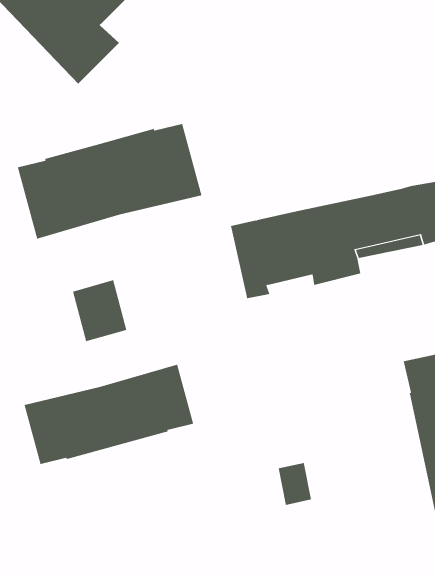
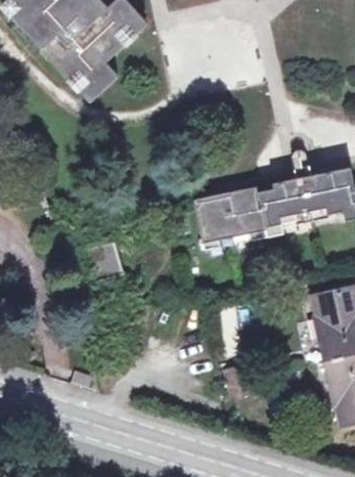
building: [17,123,202,239] -> none
building: [24,364,194,465] -> none

